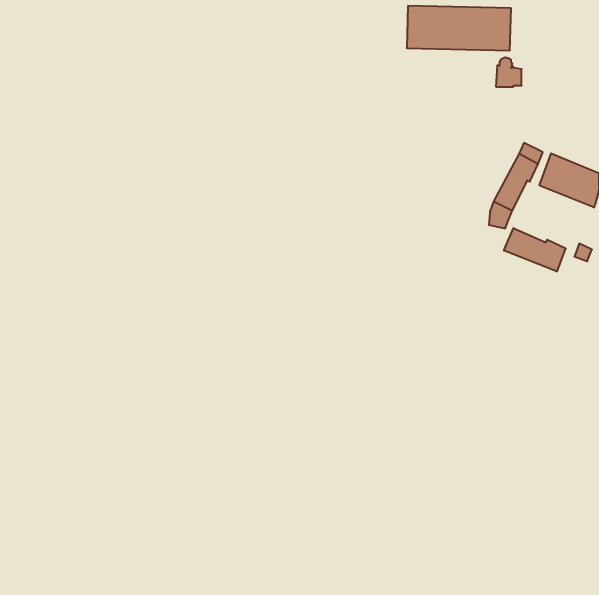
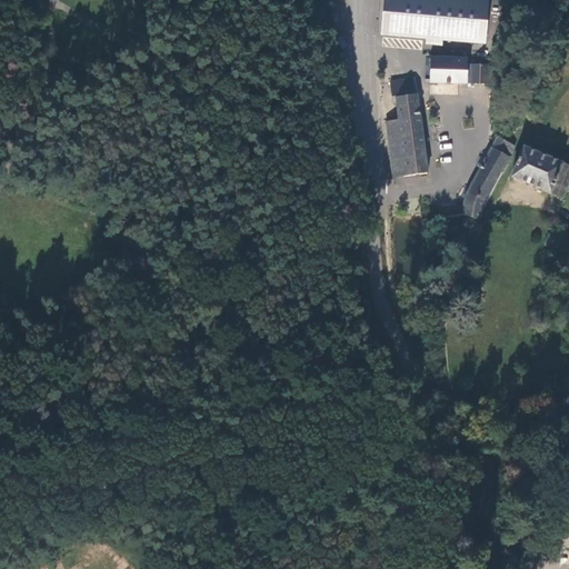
building: none -> [430,56,466,81]
building: none -> [386,77,428,176]
building: [504,228,566,272] -> none

